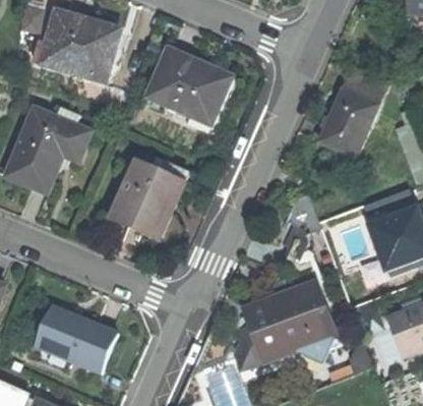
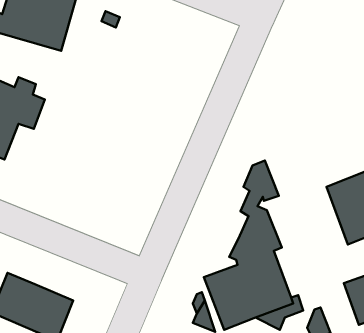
building: [145,49,229,131] -> none
building: [320,69,385,158] -> none
building: [111,160,186,235] -> none

